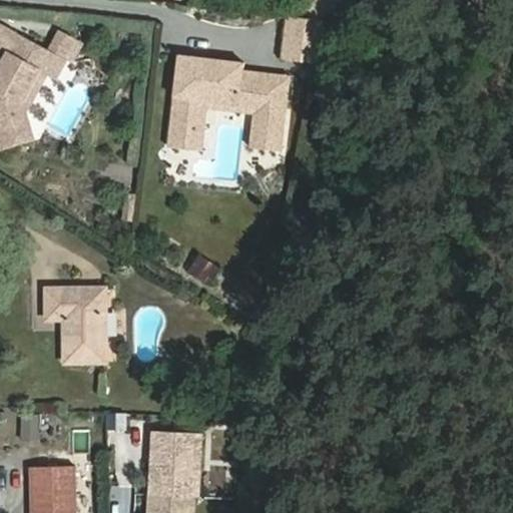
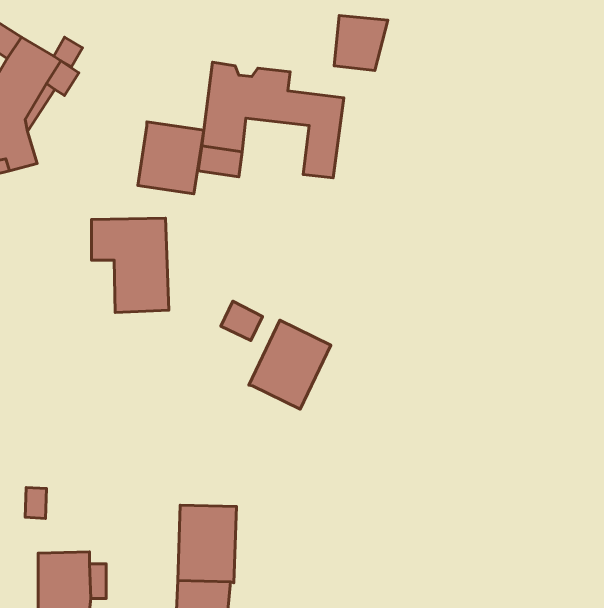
building: none -> [138,122,204,194]
building: none -> [249,320,331,409]
building: [42,289,107,368] -> [91,218,169,313]

